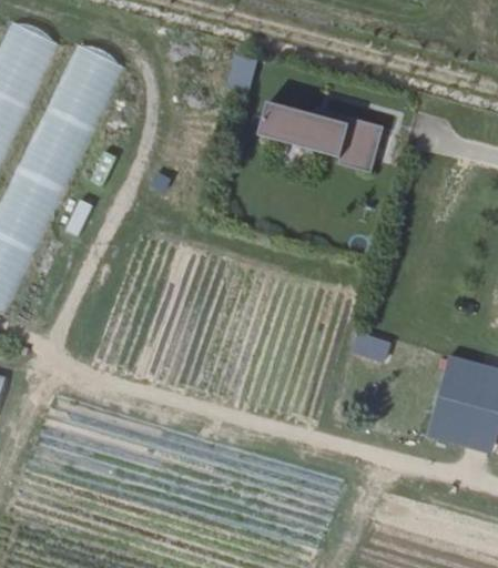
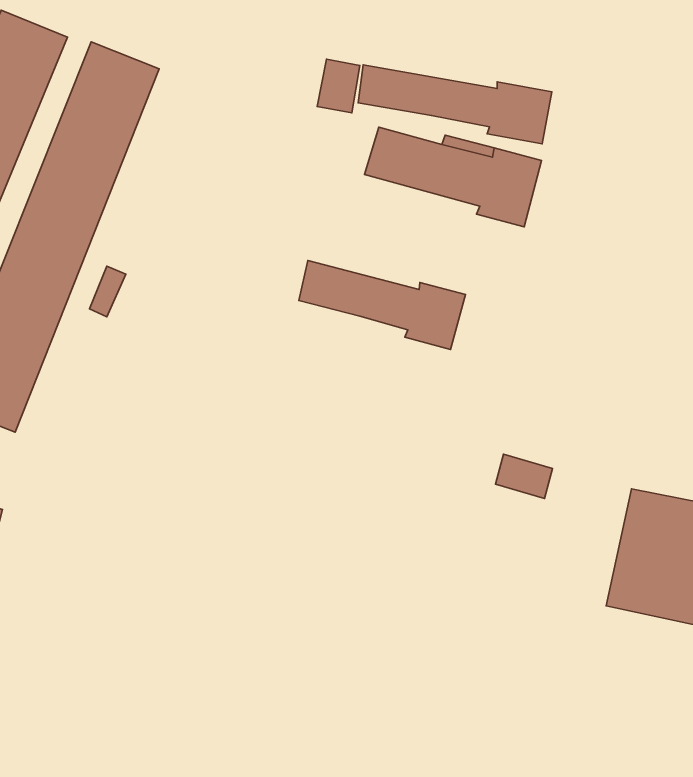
building: none -> [358,65,552,144]
building: none -> [299,261,465,349]

